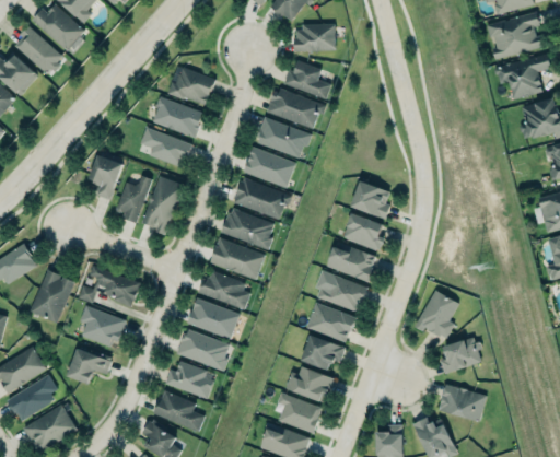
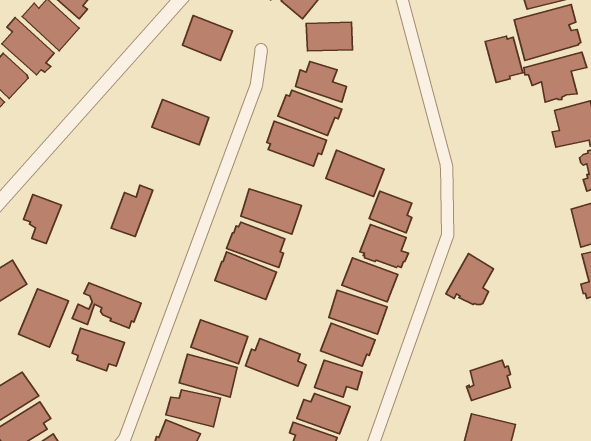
building: none -> [485,36,523,82]
building: [170,66,215,107] -> [183,15,233,61]
building: [140,126,191,167] -> none
building: [243,145,296,188] -> [326,150,384,196]
building: [89,154,124,199] -> [23,195,62,243]
building: [142,176,183,234] -> none
building: [197,268,253,312] -> [246,339,306,386]
building: [415,289,458,336] -> [446,253,493,305]
building: [67,349,112,384] -> none

